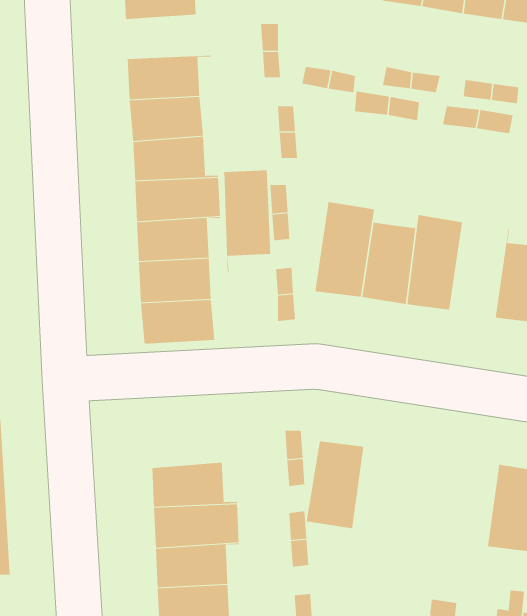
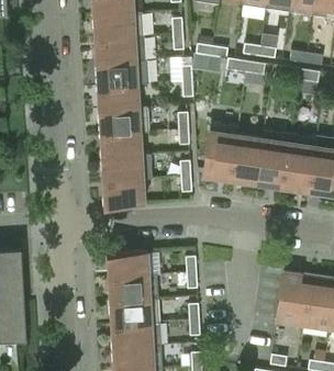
building: none -> [92,13,143,40]
building: [224,169,271,272] -> none
building: none -> [282,135,316,191]
building: none -> [105,251,149,279]
building: [306,441,364,529] -> [277,273,311,325]

